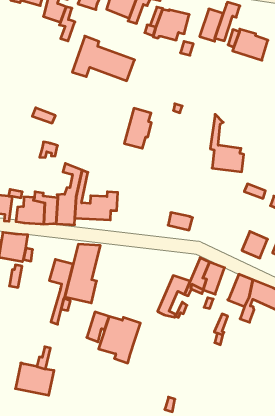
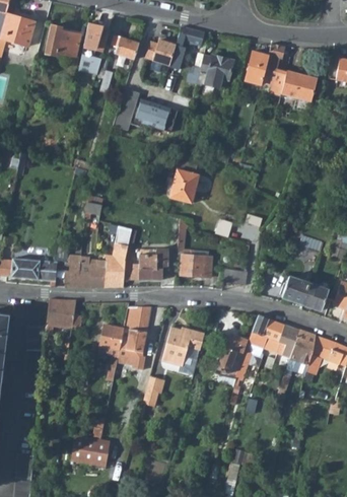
building: [210,114,244,172] -> [177,217,212,276]
building: none -> [282,276,308,303]
building: none -> [276,323,299,355]
building: [99,317,140,363] -> [162,328,205,375]

